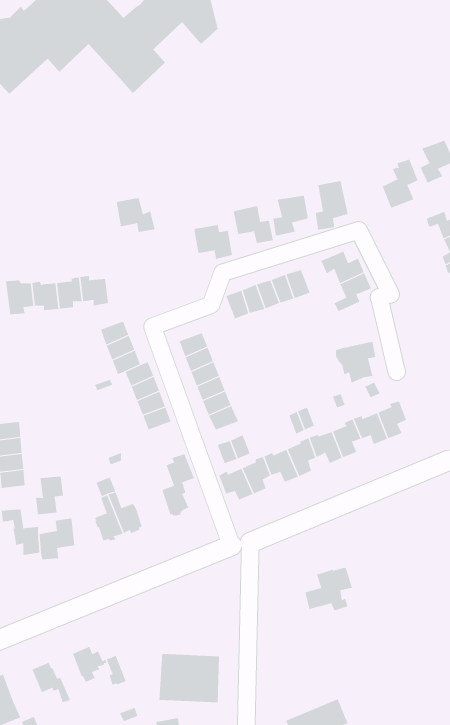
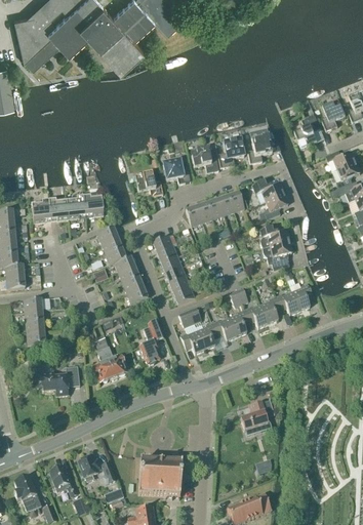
building: [116,198,155,233] -> [135,171,163,196]
building: none -> [260,227,289,247]
building: [36,476,64,515] -> none

